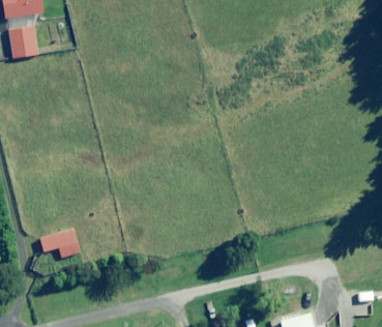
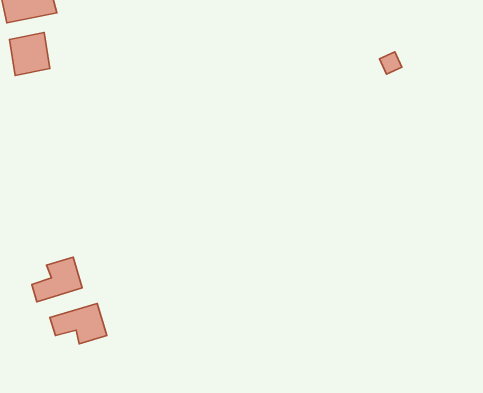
building: none -> [32,257,82,302]

